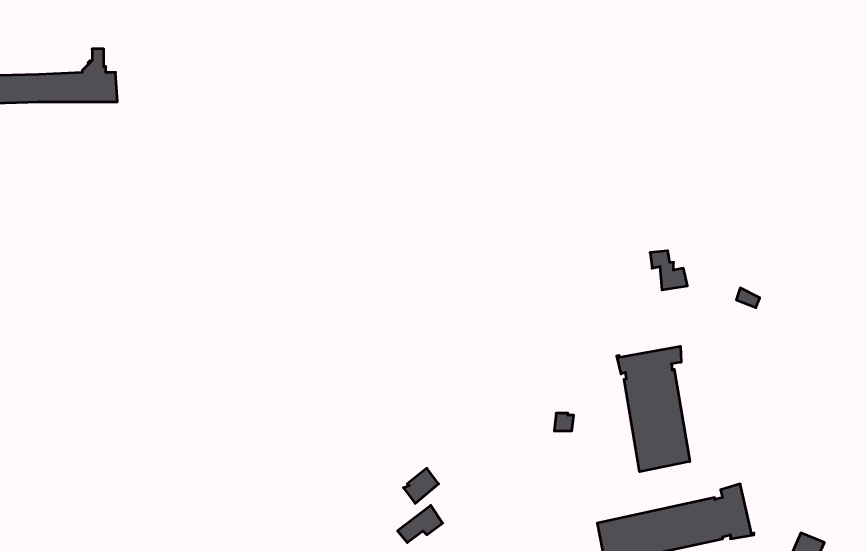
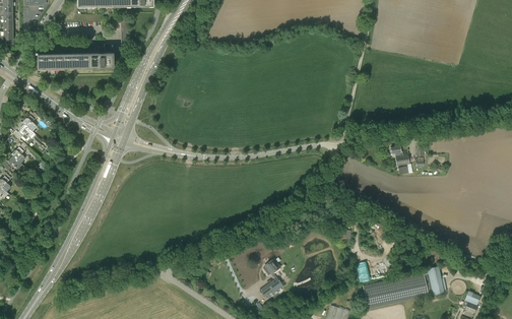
building: [617,346,690,472] -> none

